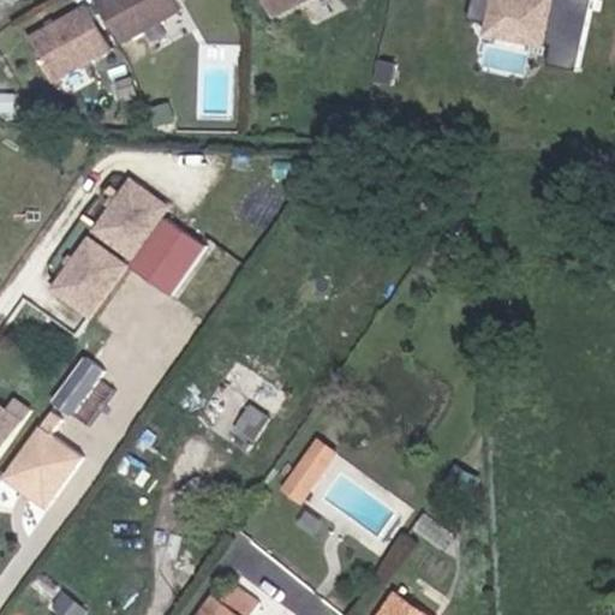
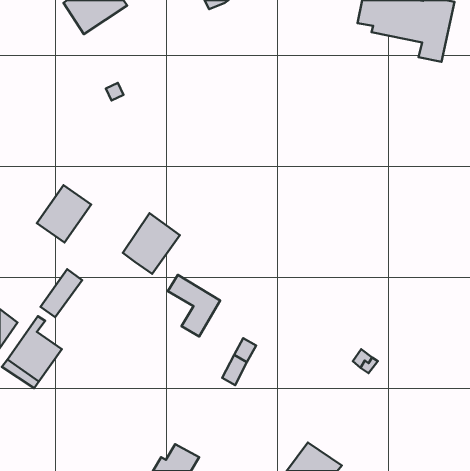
building: [17,8,101,86] -> none
building: [90,183,160,257] -> none
building: [127,215,202,294] -> [123,213,180,274]

